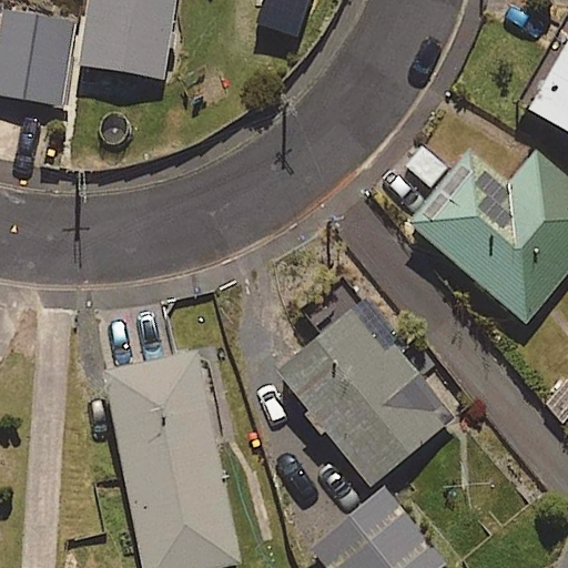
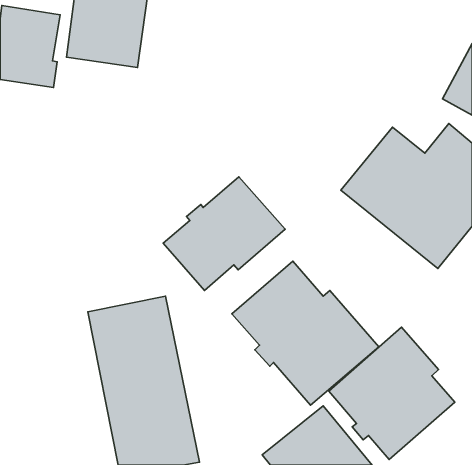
building: none -> [163,177,285,290]
building: none -> [329,327,455,459]

